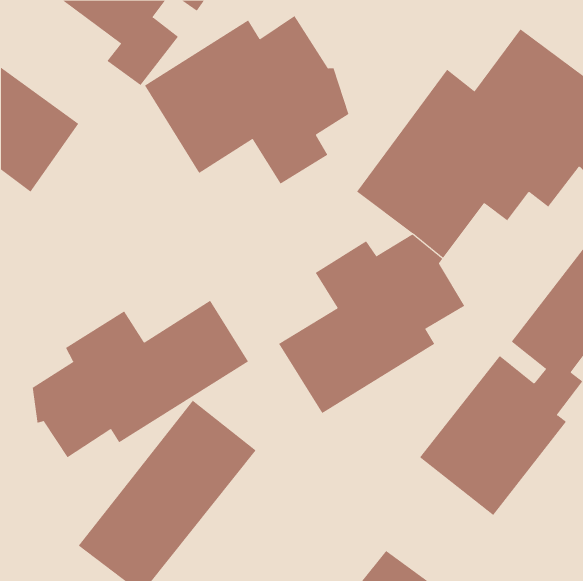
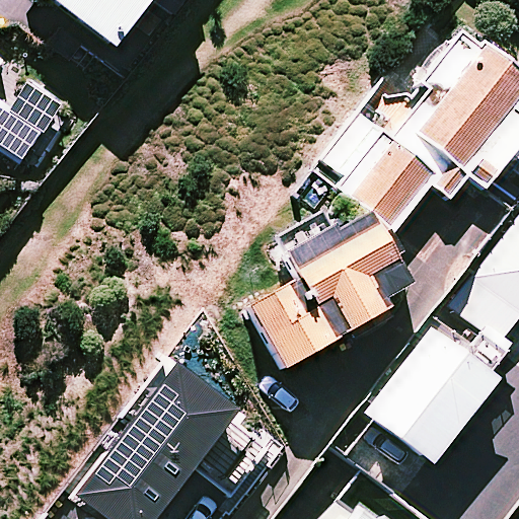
building: [144,15,349,185] -> none
building: [32,300,249,458] -> none

